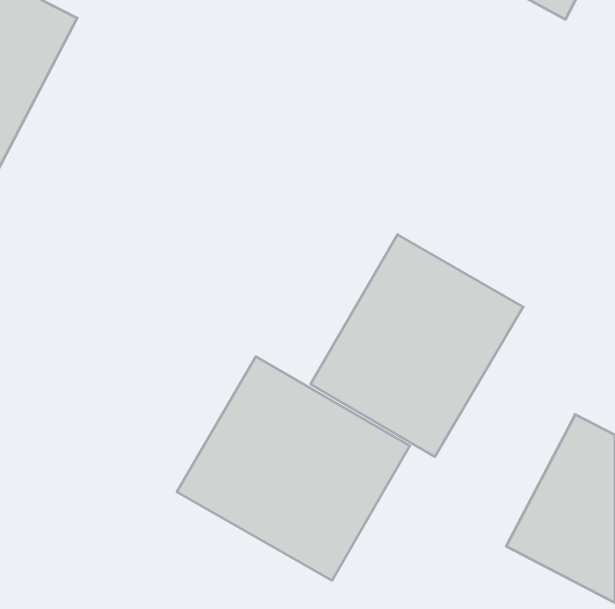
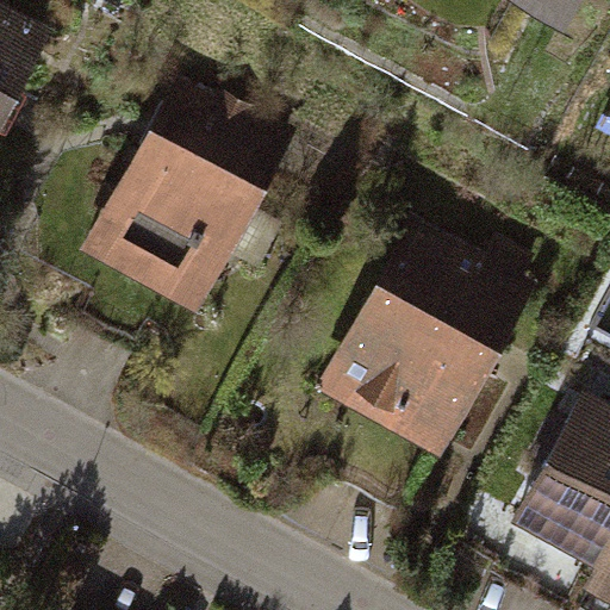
building: none -> [94,104,290,309]
building: [177,357,410,580] -> none

